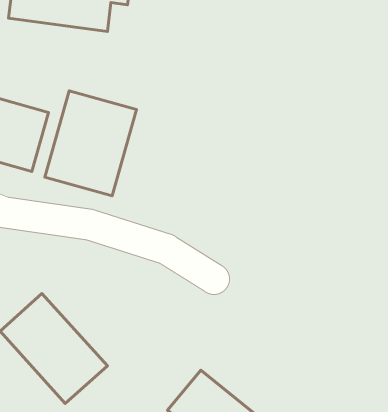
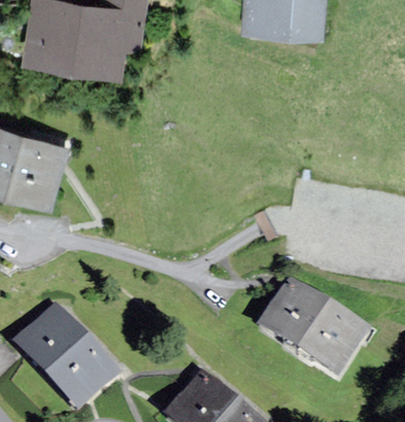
building: [45,91,136,196] -> none
building: none -> [265,284,366,375]

